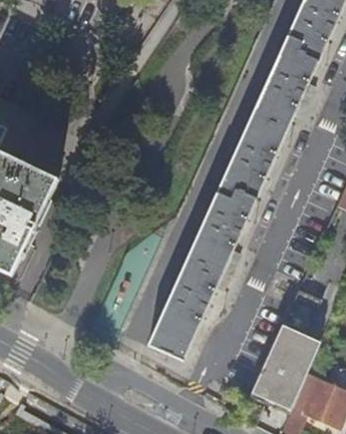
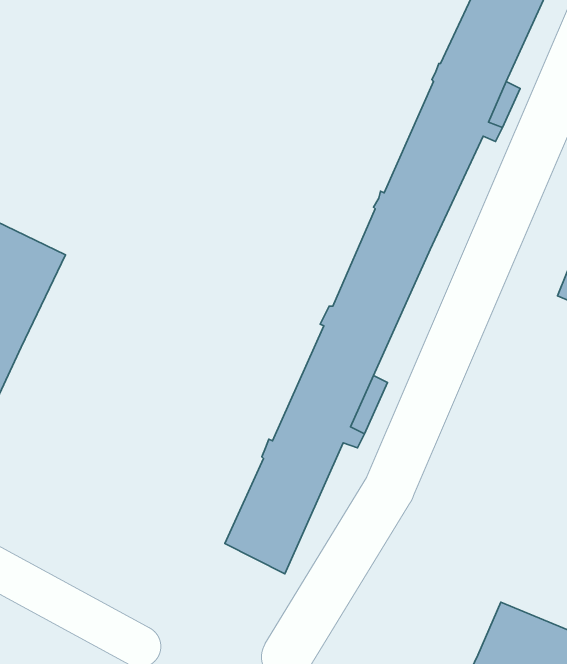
building: [253,289,320,406] -> none

